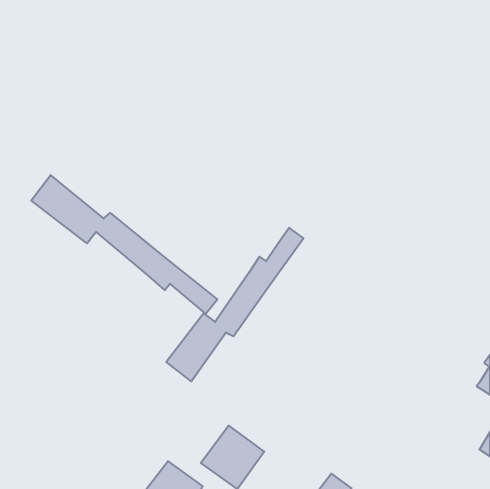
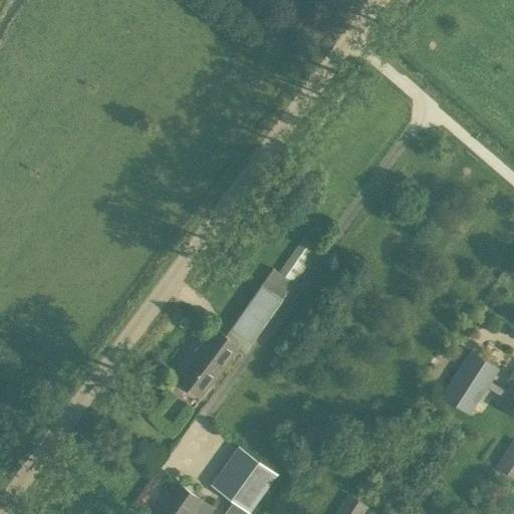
building: [31,175,217,314] -> none
building: none -> [441,353,498,418]

